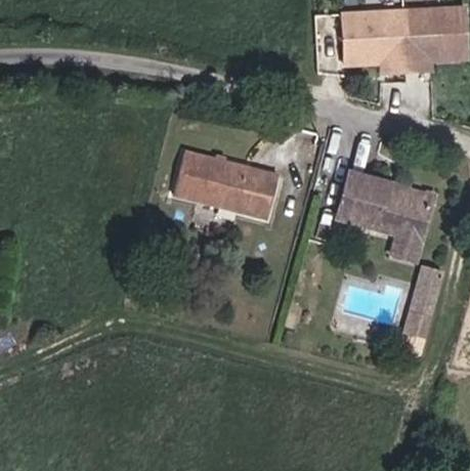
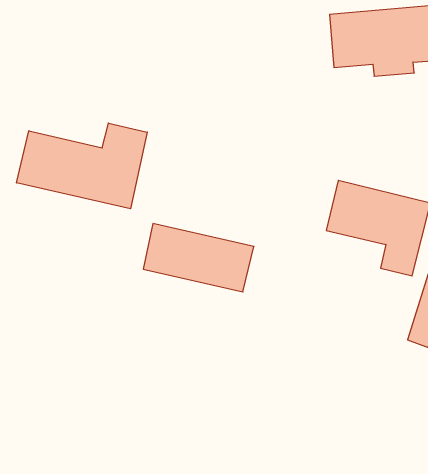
building: none -> [17,123,147,209]
building: [177,153,282,217] -> [143,224,254,292]

